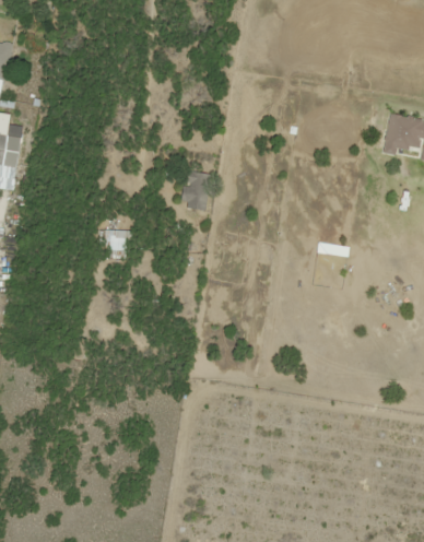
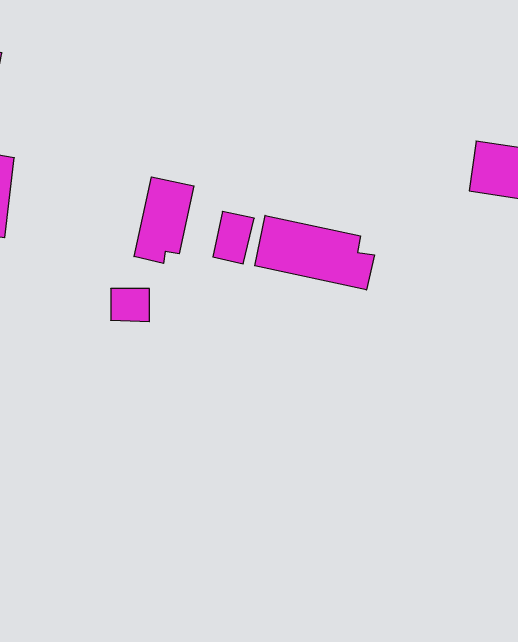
building: none -> [134,177,194,263]
building: none -> [255,215,374,290]

